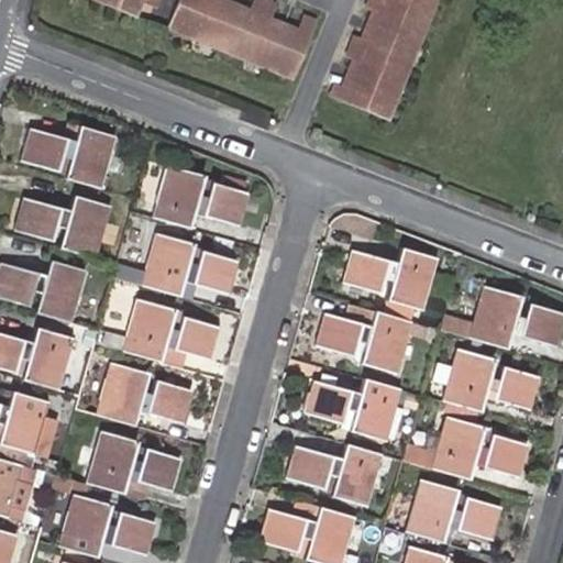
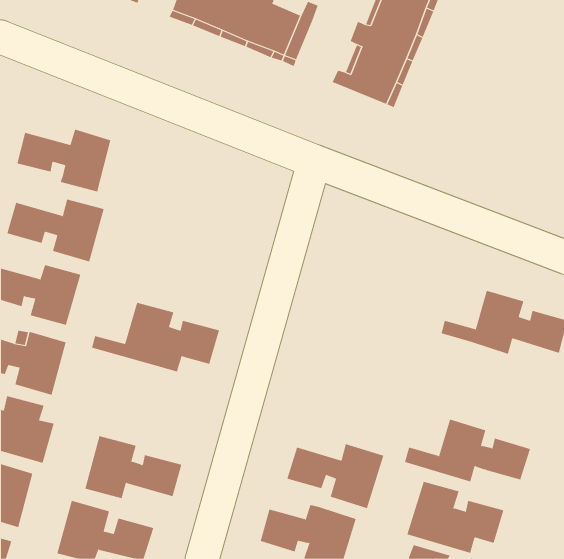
building: [152,166,249,230] -> none
building: [141,236,239,298] -> none
building: [340,249,437,312] -> none
building: [314,301,410,374] -> none
building: [435,349,537,412] -> none
building: [97,363,192,427] -> none
building: [306,377,400,440] -> none

